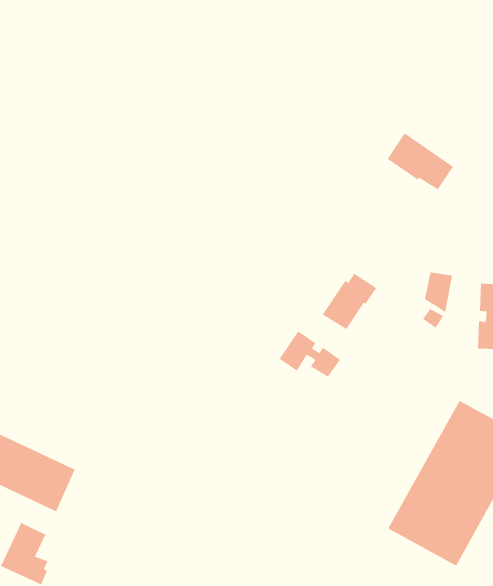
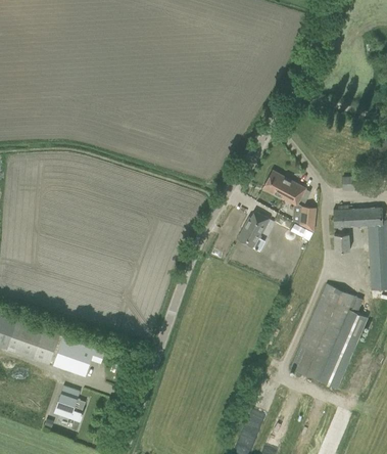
building: [387,132,454,190] -> [262,170,304,203]
building: [279,330,341,377] -> none

